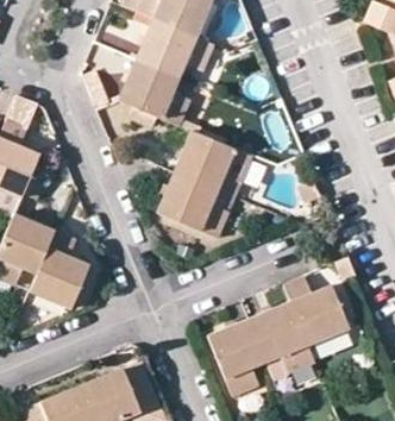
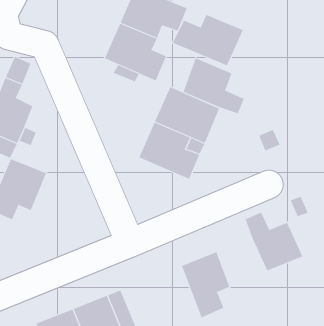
building: none -> [172,14,244,66]
building: none -> [183,58,245,114]
building: [30,231,87,308] -> none
building: [249,303,313,373] -> none

